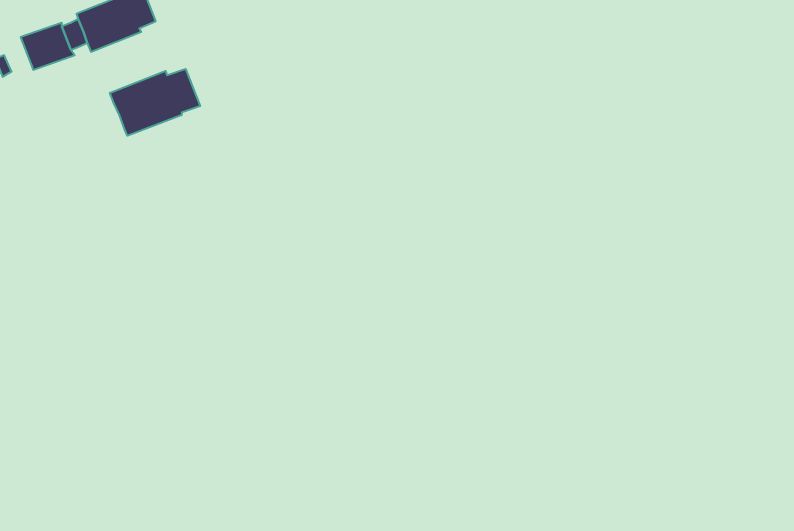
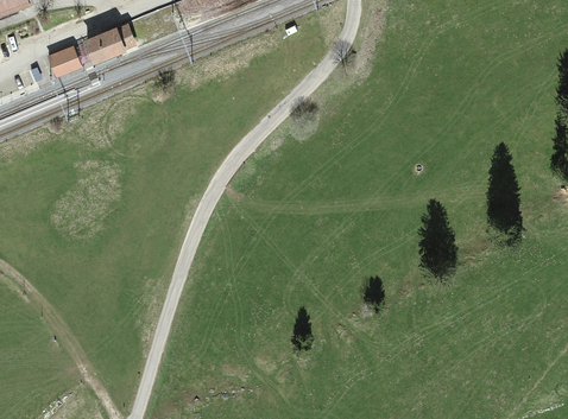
building: [110,69,200,136] -> none

